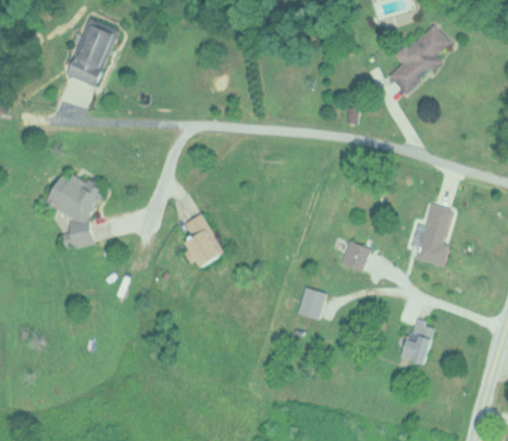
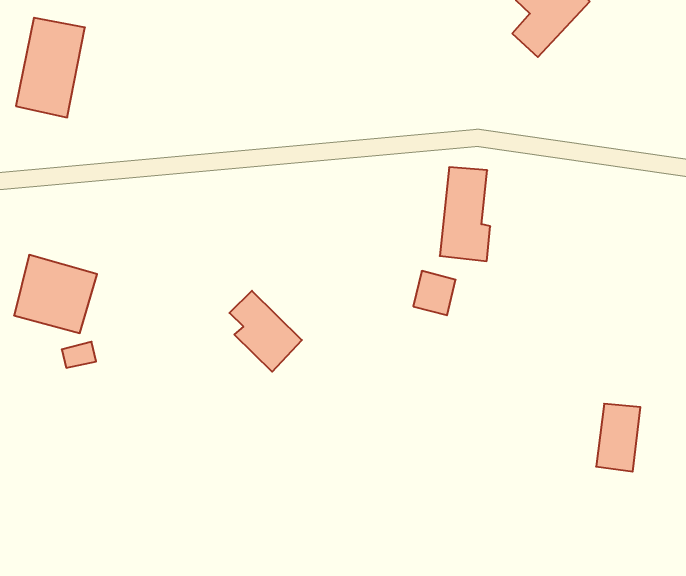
building: [413,204,451,267] -> [440,167,490,261]
building: [339,241,369,271] -> [413,271,456,315]
building: [297,287,326,320] -> none

